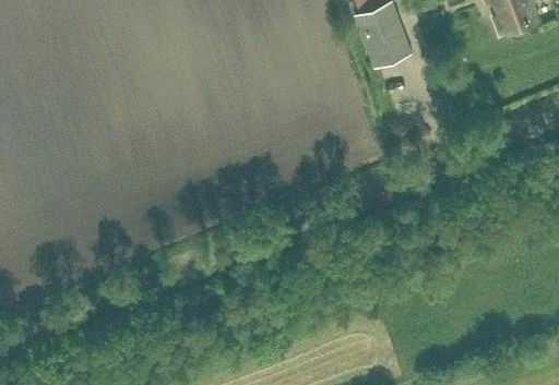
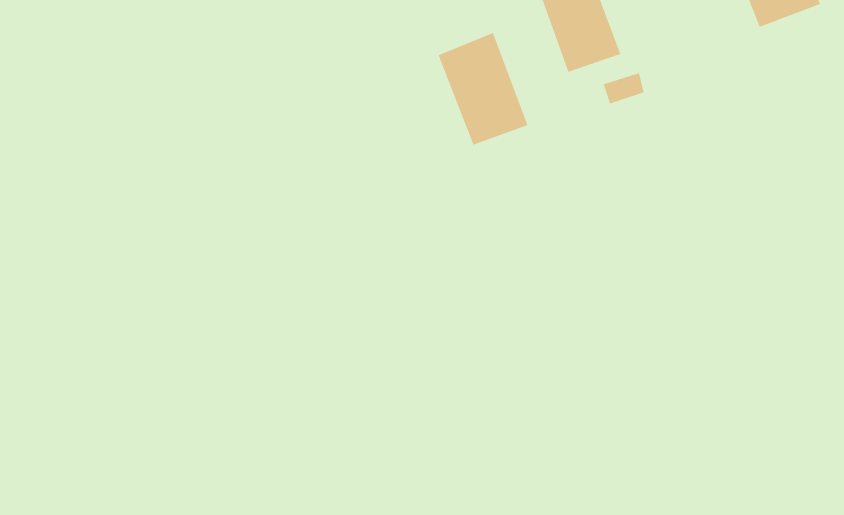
building: none -> [438,32,528,146]

